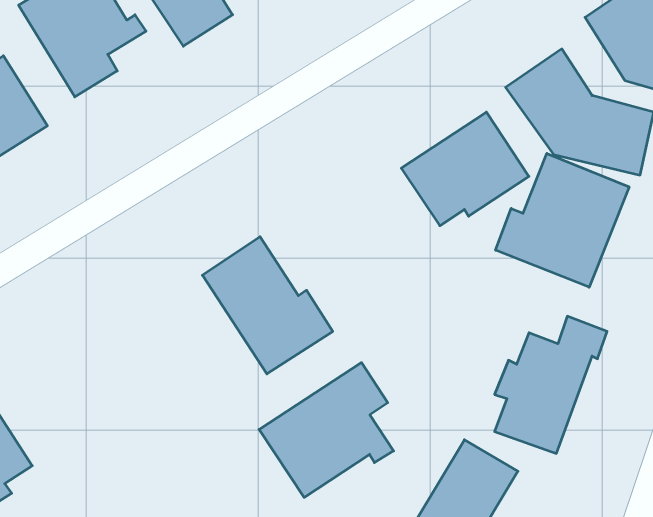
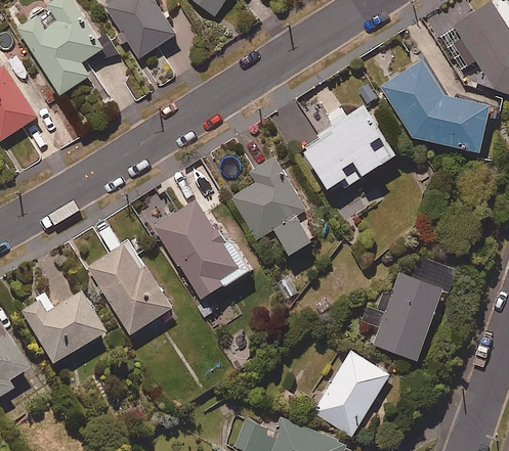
building: [496,153,629,287] -> none
building: none -> [230,156,312,256]
building: none -> [86,243,173,335]
building: [259,363,394,497] -> none
building: none -> [18,294,103,366]

